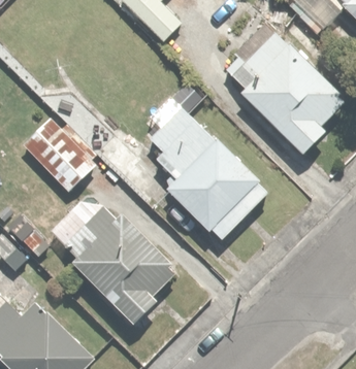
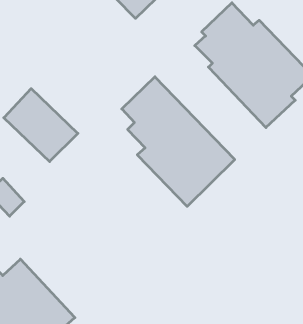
building: [43,202,183,324] -> none

